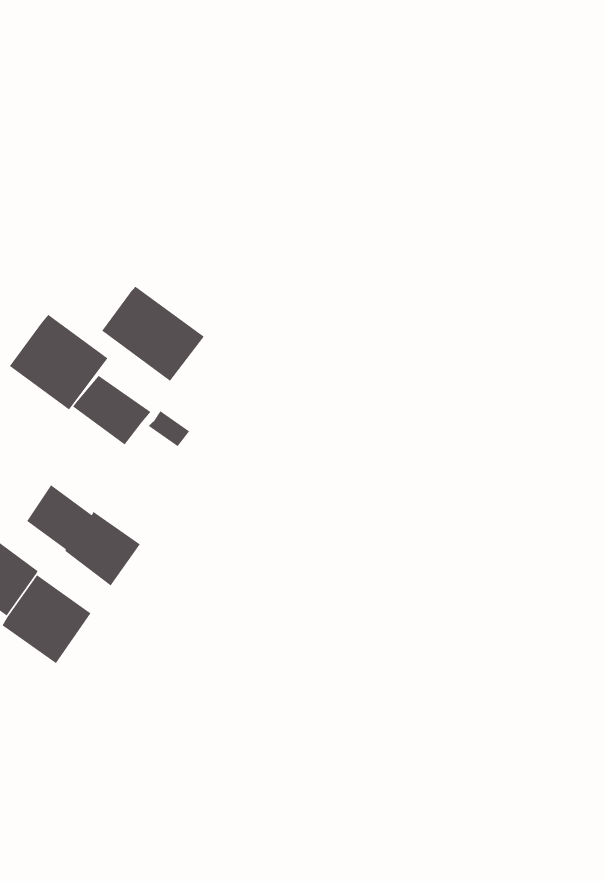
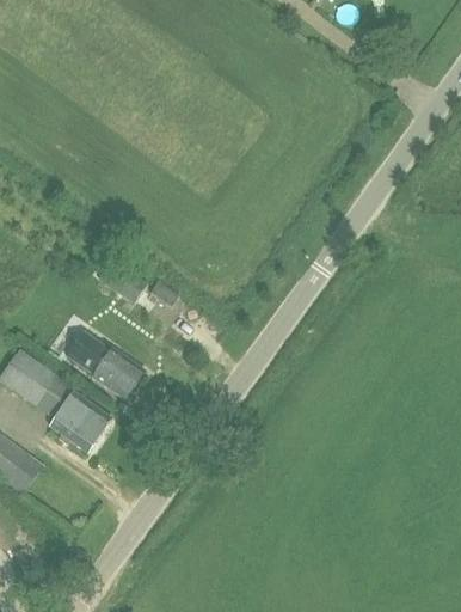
building: [101,286,205,382] -> none
building: [9,314,109,410] -> none

